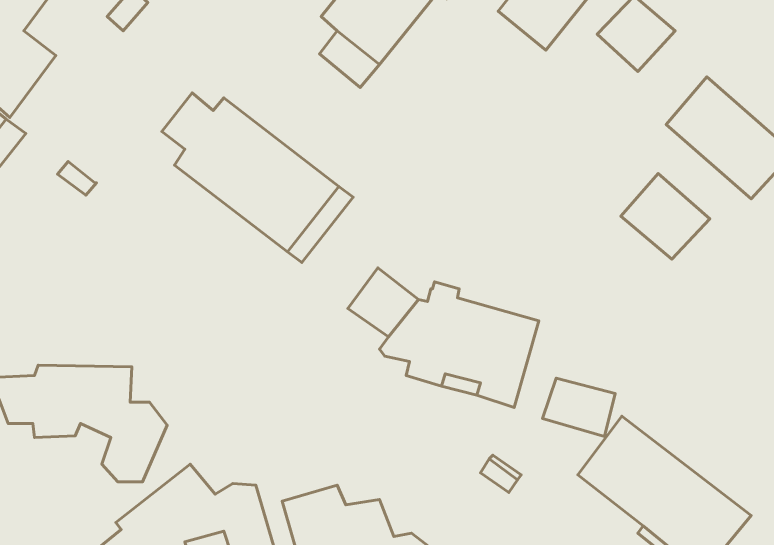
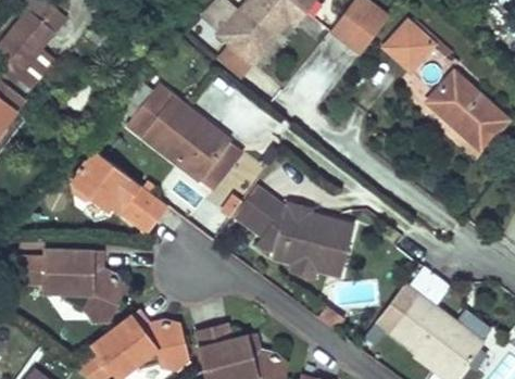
building: [621,173,710,259] -> none
building: none -> [71,150,167,232]
building: [543,378,615,437] -> none

